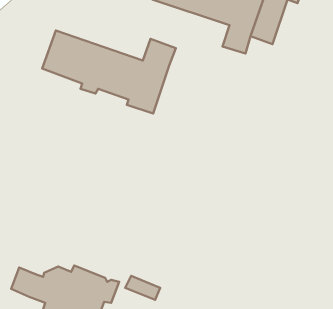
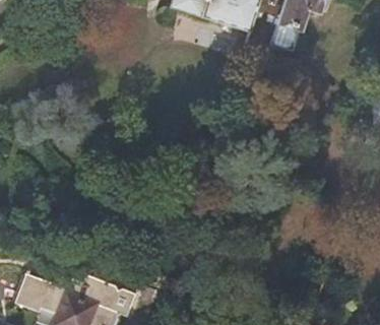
building: [42,30,176,114] -> none

